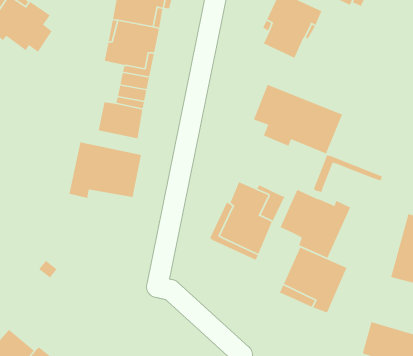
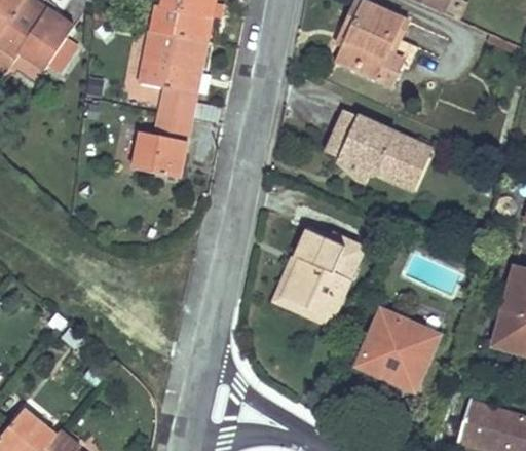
building: [69,142,142,199] -> none
building: [313,154,383,193] -> none
building: [280,189,351,259] -> none

